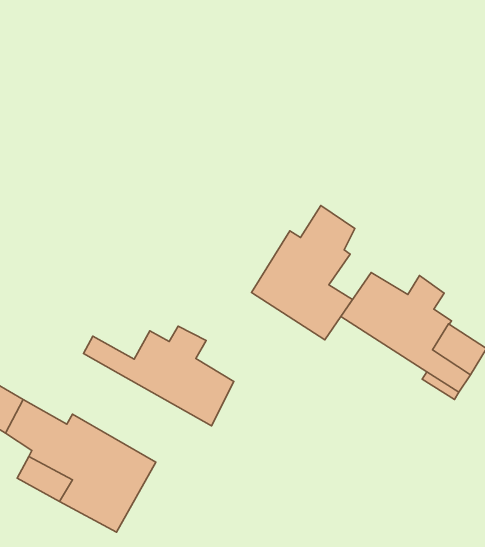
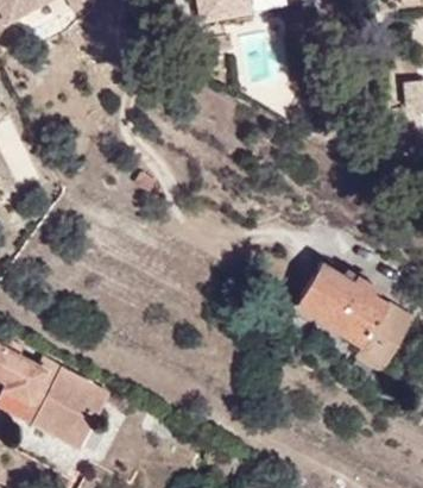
building: [252,206,355,340] -> none
building: [83,326,234,426] -> none

